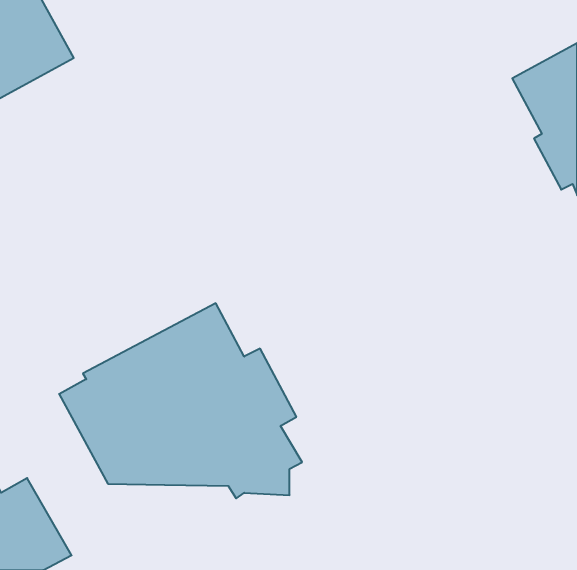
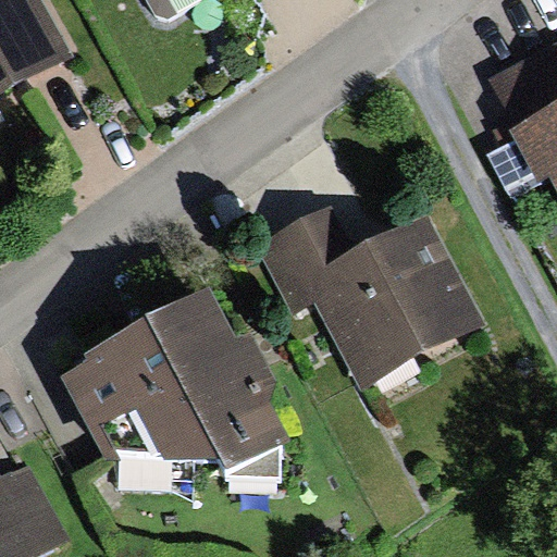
building: none -> [253,200,486,386]

